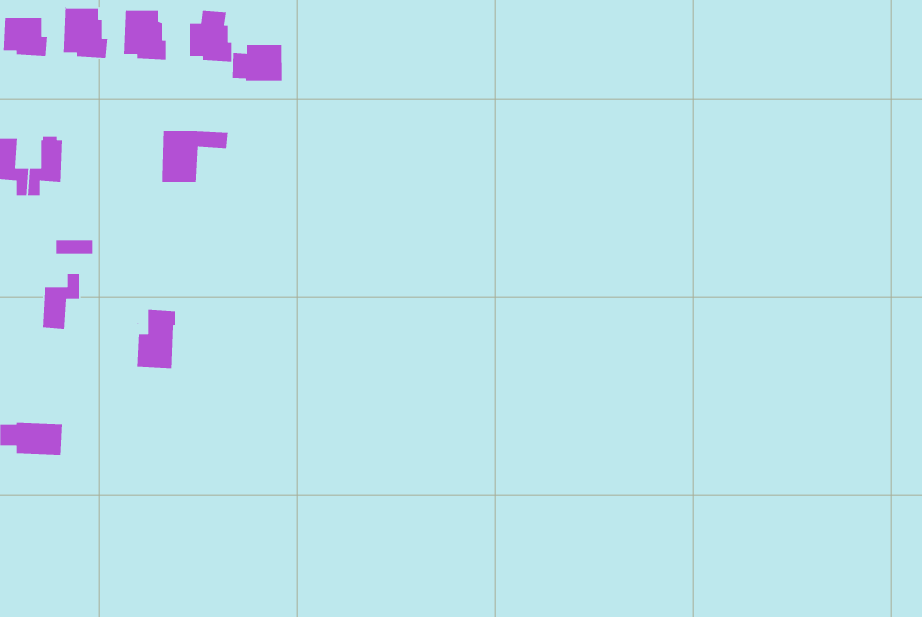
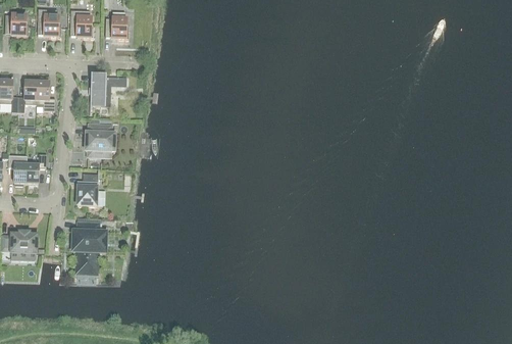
building: [232,44,283,82] -> none
building: none -> [37,81,56,110]
building: none -> [87,124,115,155]
building: none -> [9,154,28,185]
building: none -> [73,223,107,273]

